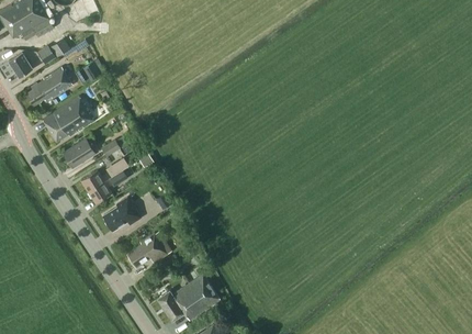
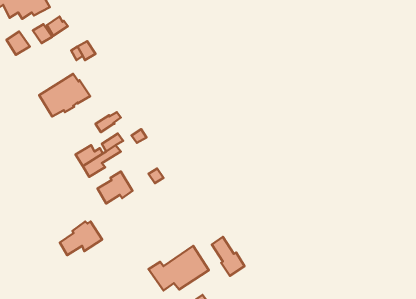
building: [26,66,72,103] -> none
building: [63,137,99,167] -> none
building: [127,231,171,266] -> [60,221,102,255]
building: none -> [212,237,244,276]

